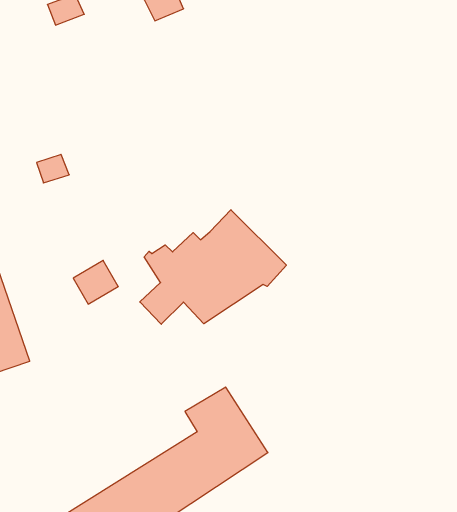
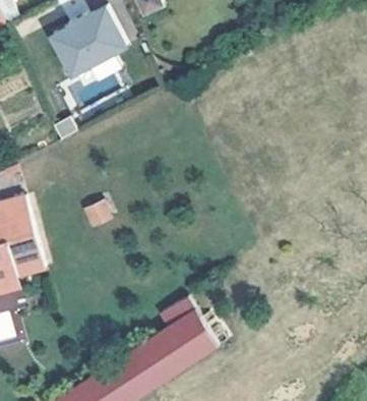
building: none -> [49,11,124,77]
building: [140,210,286,324] -> none

